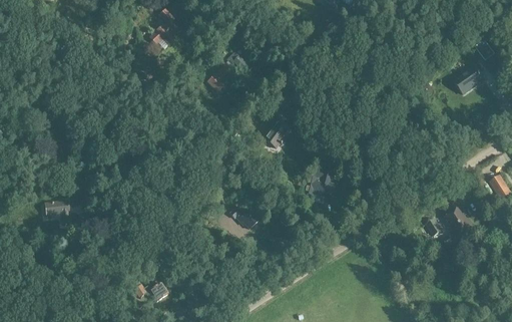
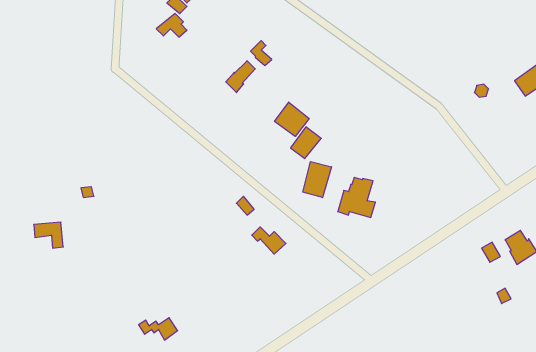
building: none -> [275,102,309,136]
building: none -> [303,162,332,198]

